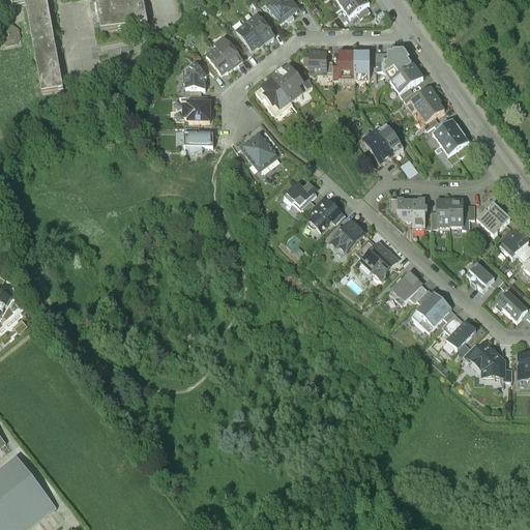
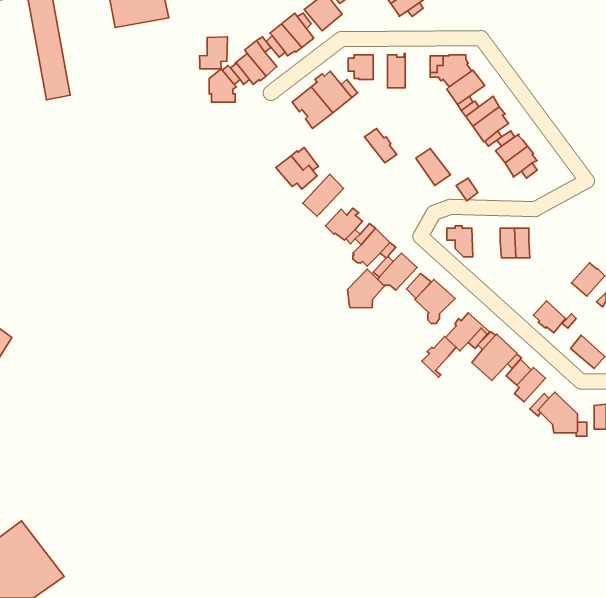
building: none -> [199,37,227,69]
building: [353,48,369,77] -> none
building: [183,101,209,121] -> none
building: [375,122,403,152] -> [365,128,397,163]
building: [183,132,212,155] -> none
building: none -> [303,174,343,216]
building: [411,197,426,228] -> none
building: [475,200,509,234] -> none
building: none -> [348,269,384,308]
building: none -> [422,337,456,377]

